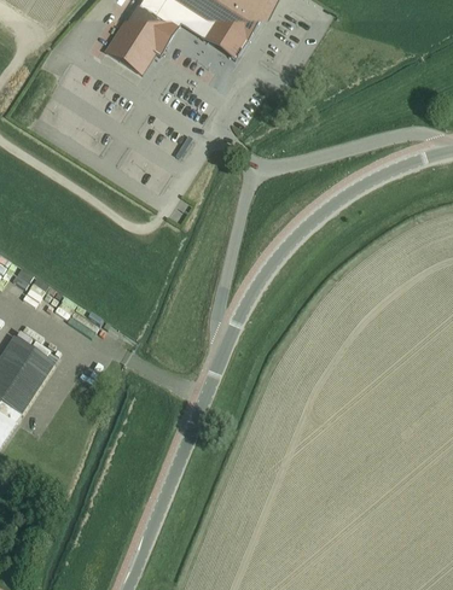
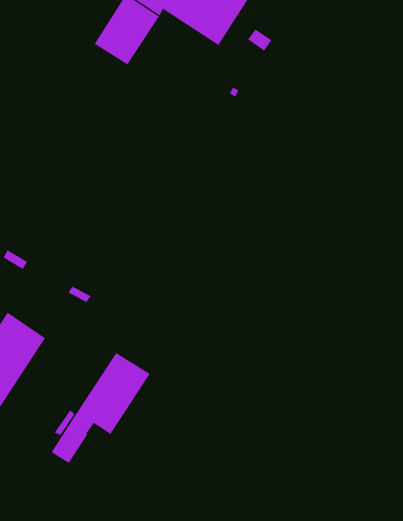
building: none -> [51,352,151,465]

